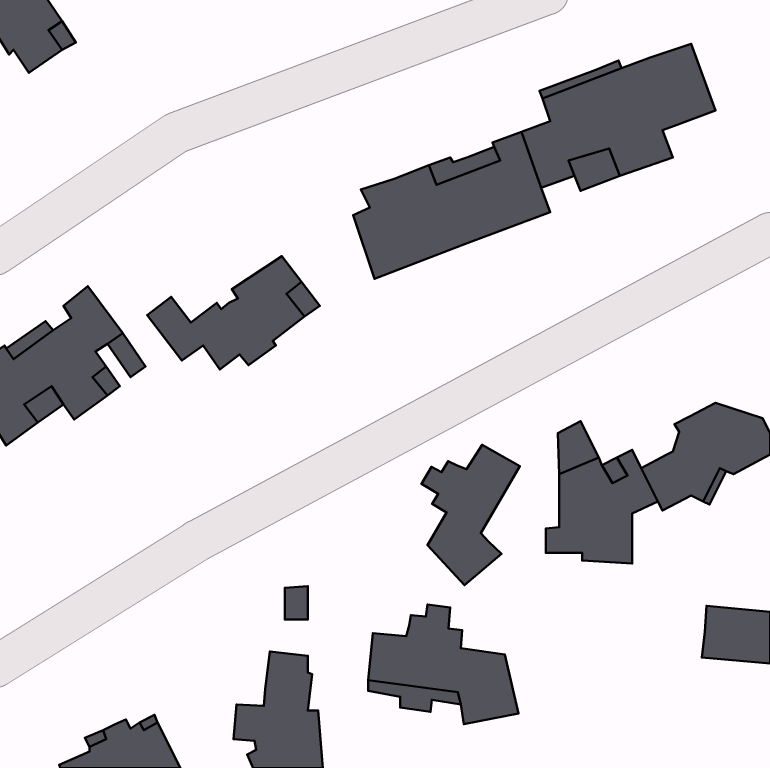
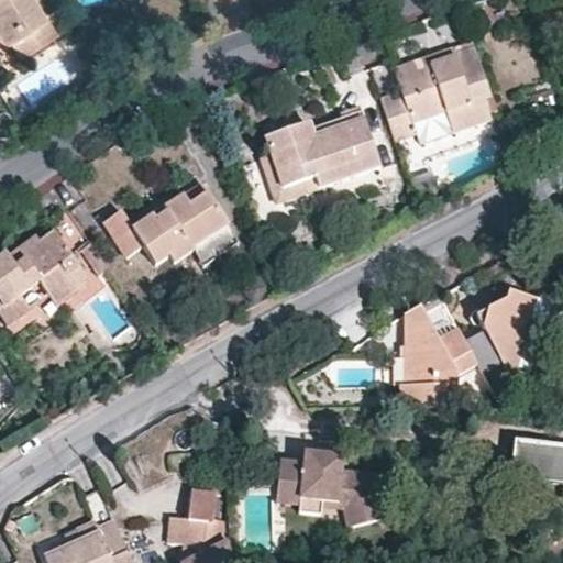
building: [422,445,520,585] -> none

